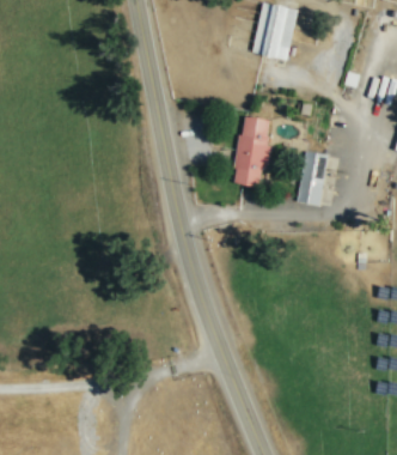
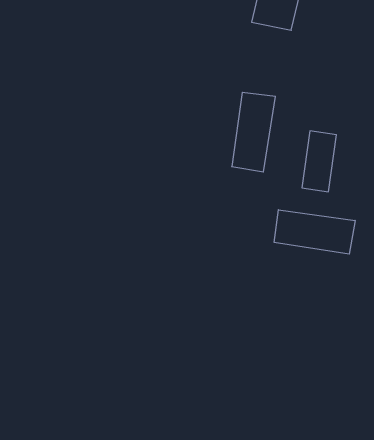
building: none -> [274,210,355,254]

